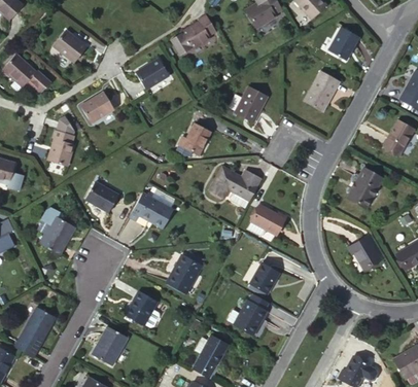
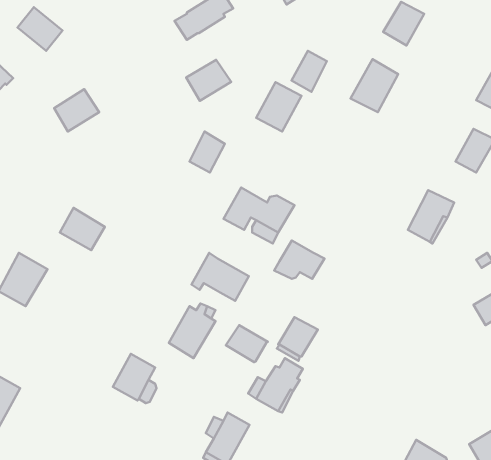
building: [136,59,170,90] -> [186,60,231,101]
building: none -> [292,51,327,92]
building: [48,116,75,166] -> none
building: [130,192,173,228] -> [191,253,249,301]
building: [351,237,380,269] -> none
building: none -> [226,325,268,362]
building: [92,326,128,366] -> none

